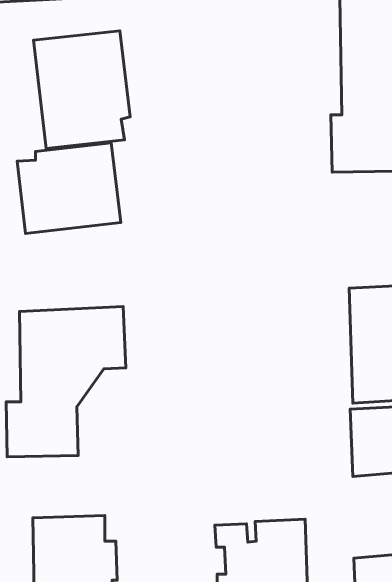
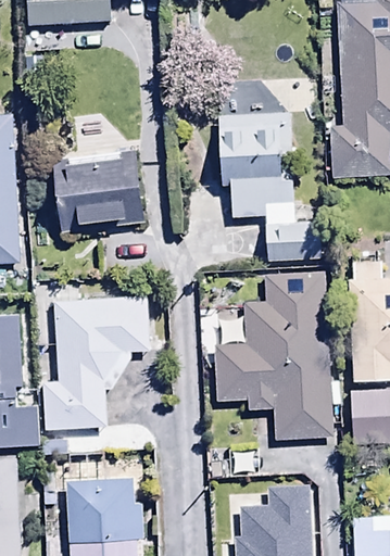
building: [34,31,130,149] -> none
building: none -> [221,113,322,262]
building: none -> [214,271,332,438]

